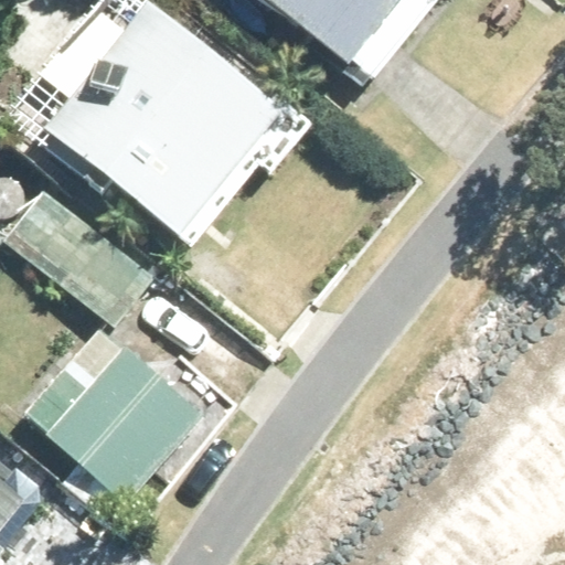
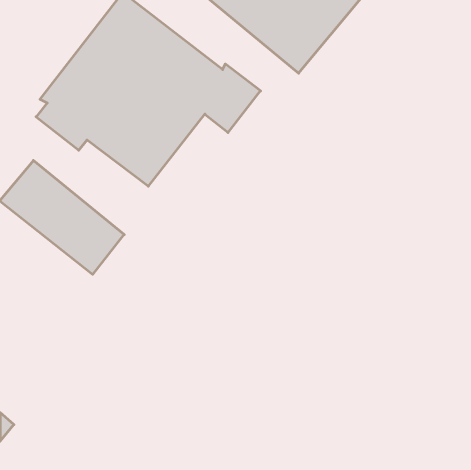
building: [26,332,199,507] -> none

